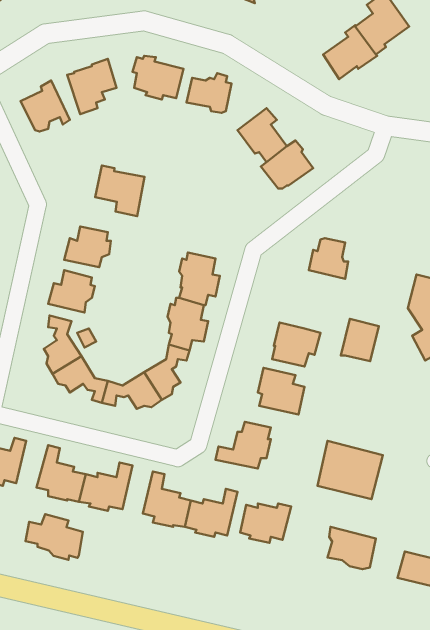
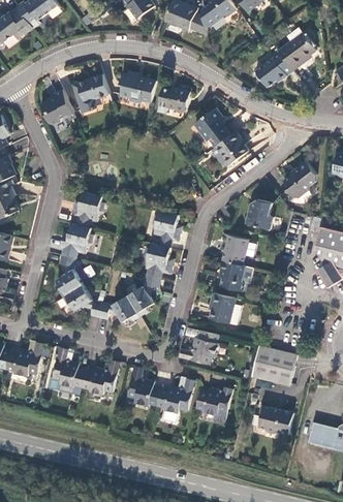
building: [95,166,144,216] -> none
building: none -> [287,162,317,197]
building: [341,319,379,361] -> [221,234,248,264]
building: [26,514,83,560] -> none

